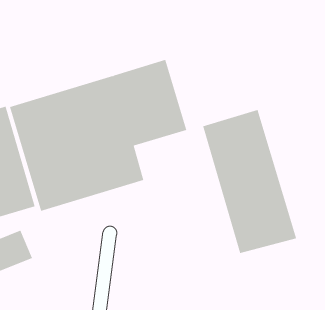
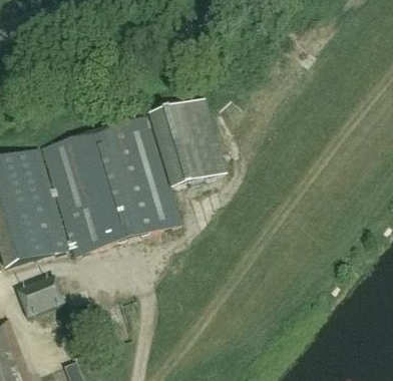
building: [202,109,297,254] -> none

